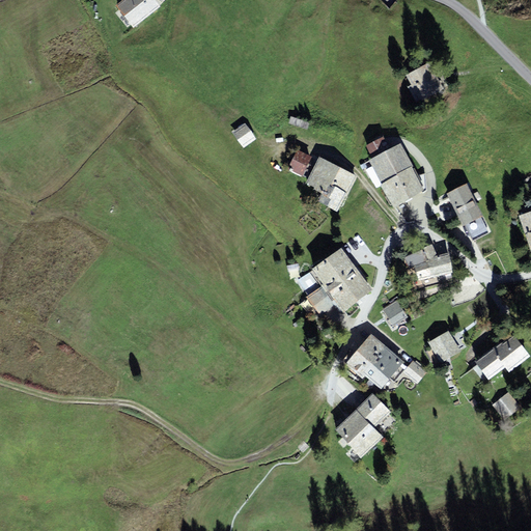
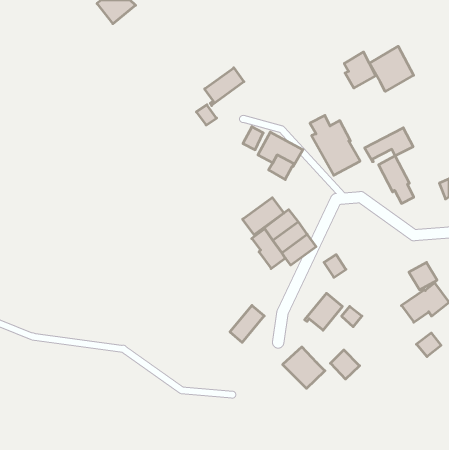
building: none -> [369,46,414,91]
building: none -> [205,68,244,106]
building: none -> [365,128,413,162]
building: none -> [243,198,284,235]
building: [403,244,451,283] -> none
building: [427,331,460,363] -> [409,262,437,290]
building: [344,333,385,376] -> [230,305,264,342]
building: [356,393,390,427] -> [330,350,360,379]

